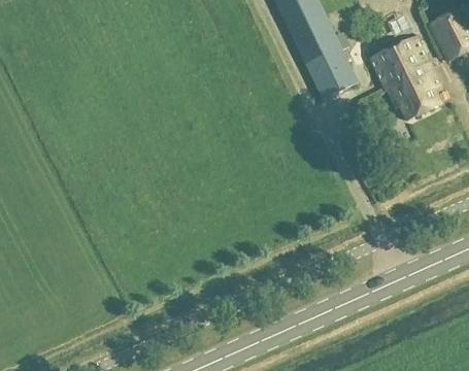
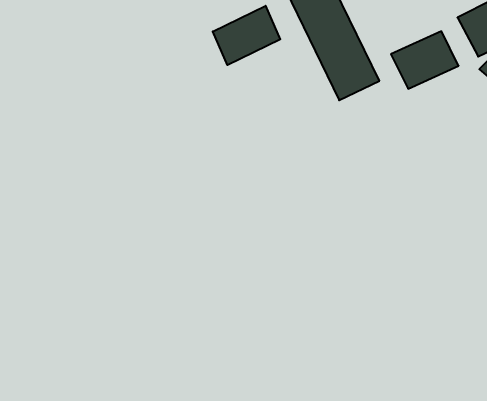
building: none -> [213,6,280,65]
building: [383,66,440,119] -> none

